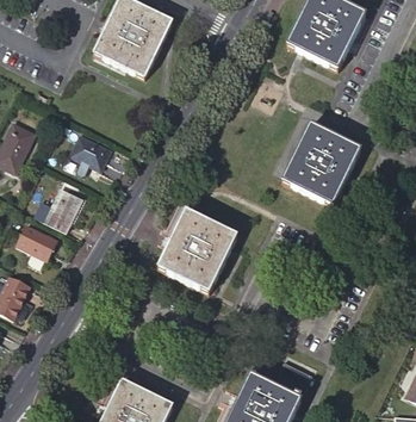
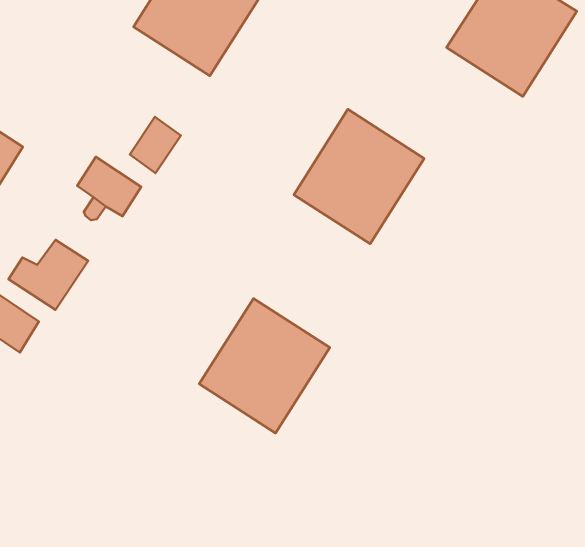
building: none -> [130,117,181,173]
building: [282,123,360,204] -> [294,109,424,244]

